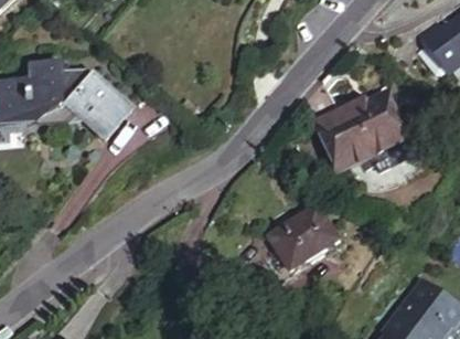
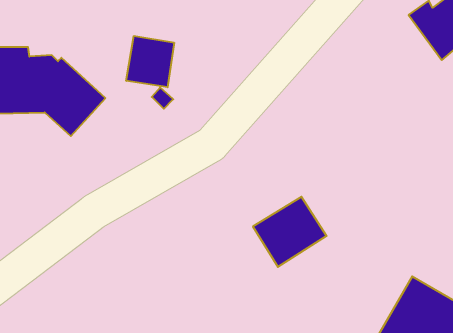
building: none -> [126,36,174,87]
building: [310,70,411,162] -> none

